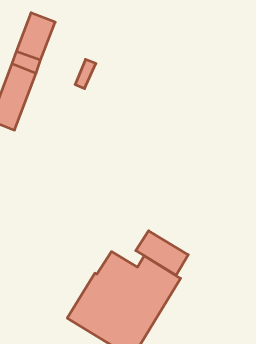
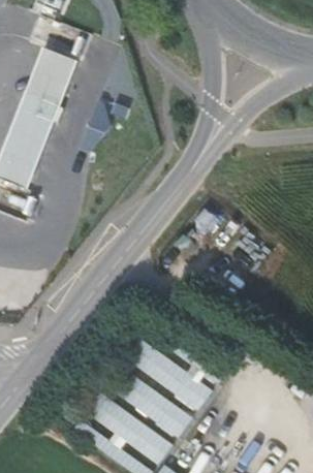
building: [136,231,188,275] -> none

